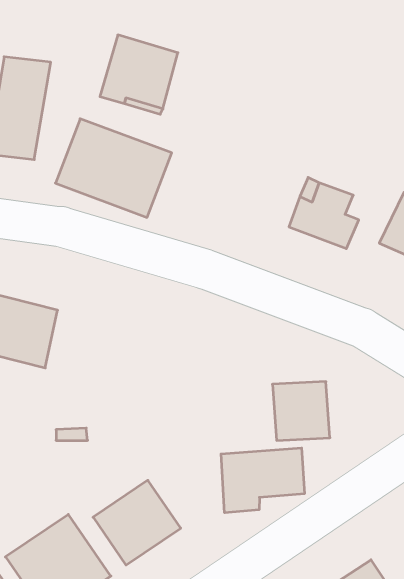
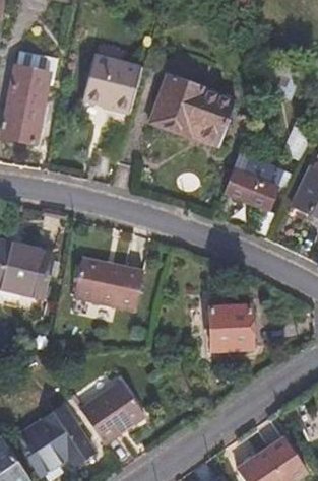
building: [55,119,172,217] -> [150,75,237,148]
building: none -> [70,259,141,314]
building: [221,448,304,513] -> none

